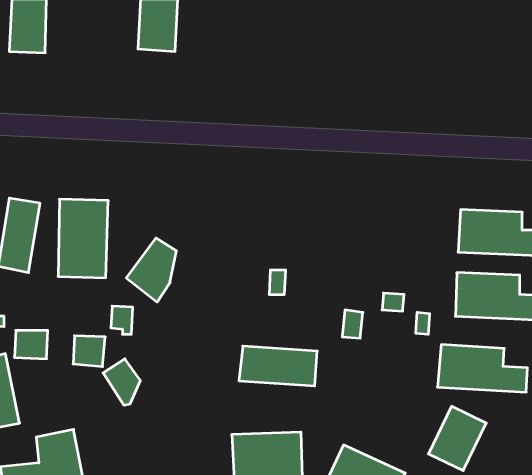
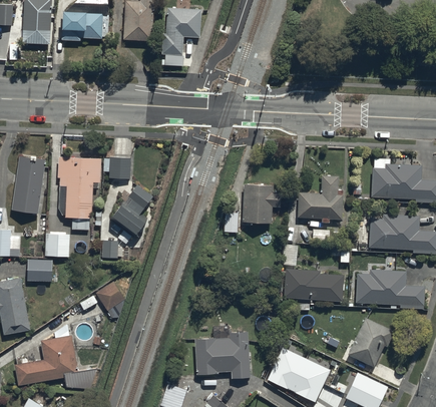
building: none -> [160,6,199,55]
building: none -> [60,8,106,39]
building: none -> [102,156,129,177]
building: none -> [297,176,344,221]
building: none -> [242,184,273,225]
building: [73,336,105,367] -> [44,233,69,257]
building: [239,346,317,386] -> [283,271,344,302]

